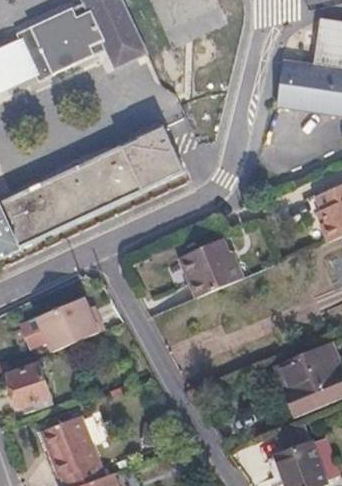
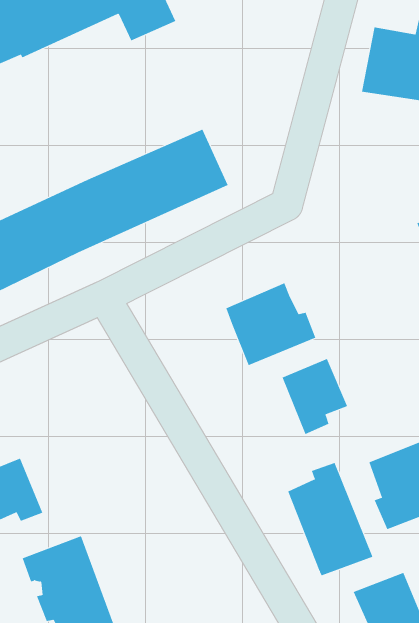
building: none -> [282,358,348,435]
building: [38,298,103,351] -> none
building: none -> [287,462,373,576]

